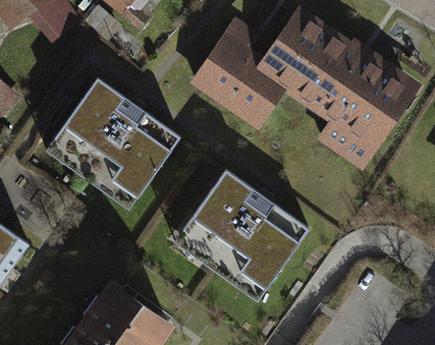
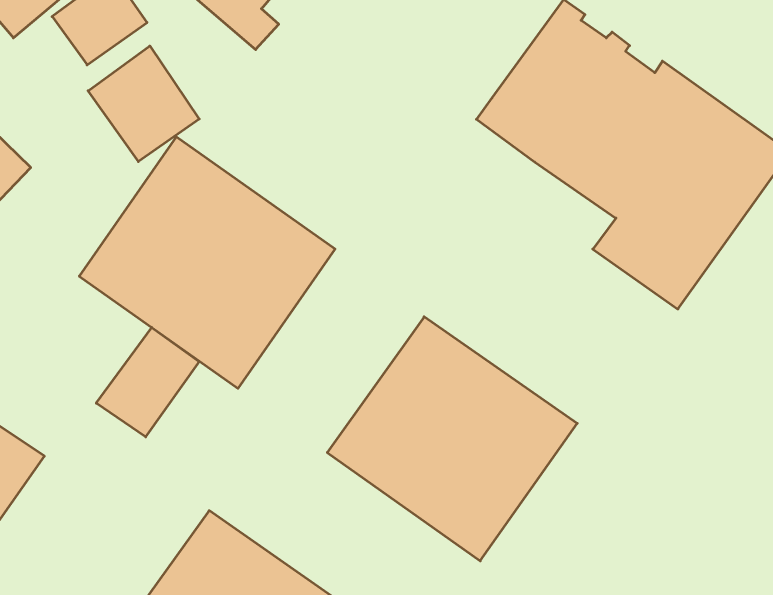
building: [189,19,285,129] -> none
building: none -> [88,46,199,162]
building: none -> [96,327,199,437]

